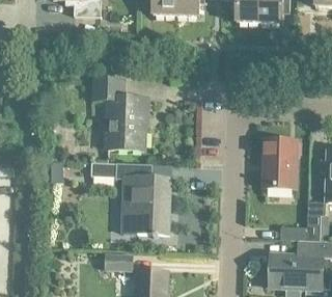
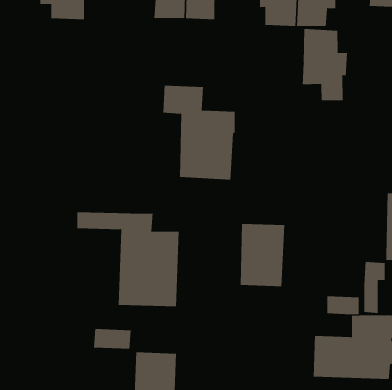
building: none -> [302,28,347,101]
building: [91,78,146,150] -> [163,85,235,180]
building: [261,139,296,187] -> [240,224,285,287]

